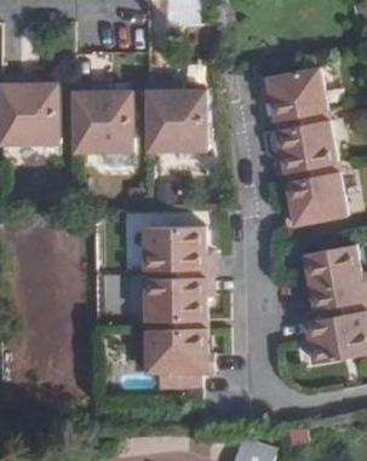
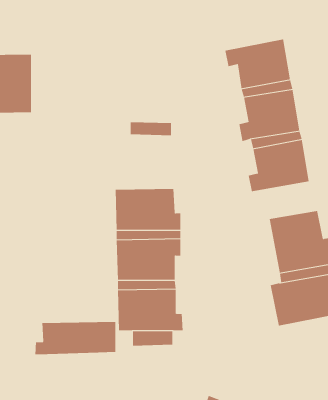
building: [147,80,206,150] -> none
building: [73,81,132,150] -> none
building: none -> [35,321,116,355]

